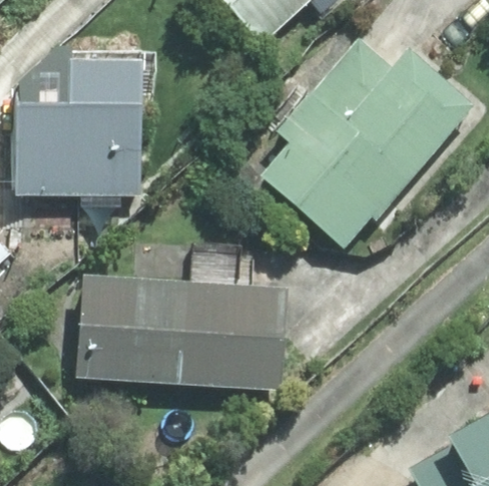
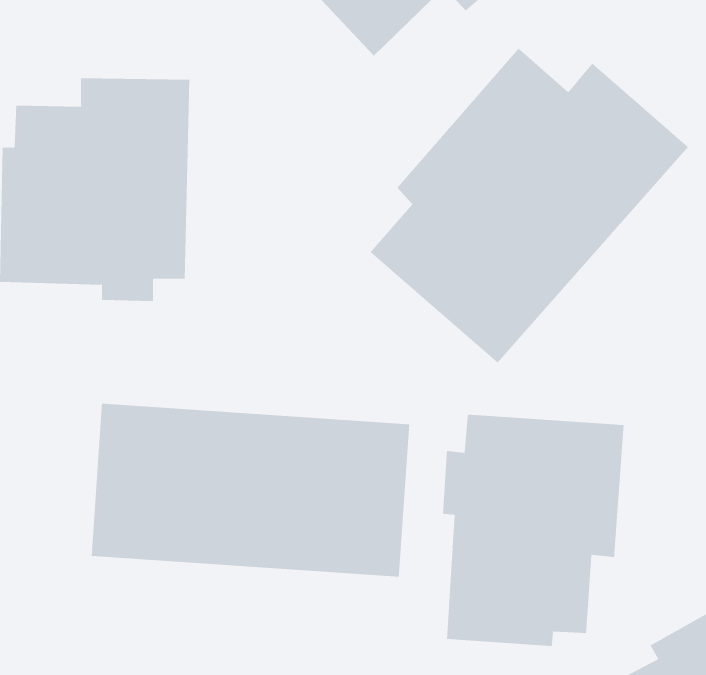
building: none -> [442,414,625,647]

